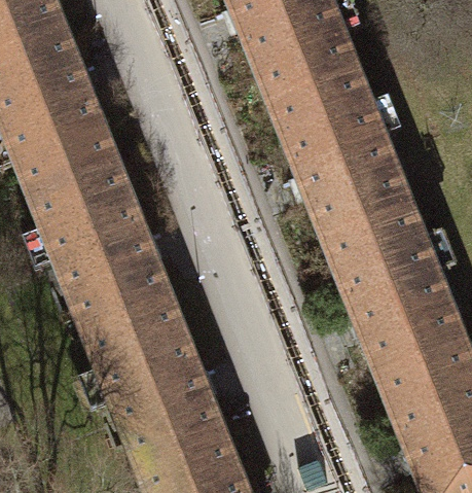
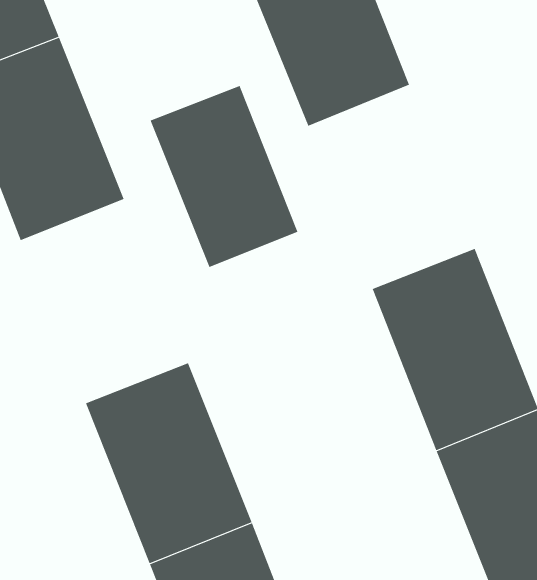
building: [273,72,412,243] -> none
building: none -> [150,85,298,268]
building: [32,168,173,339] -> none

